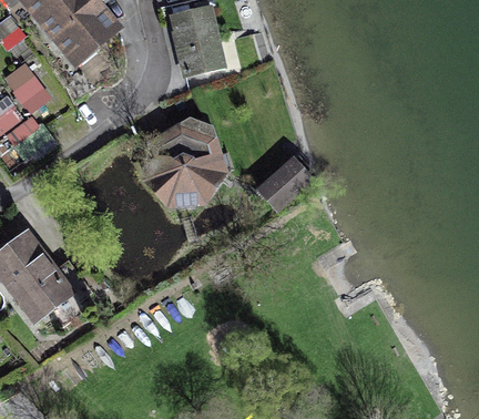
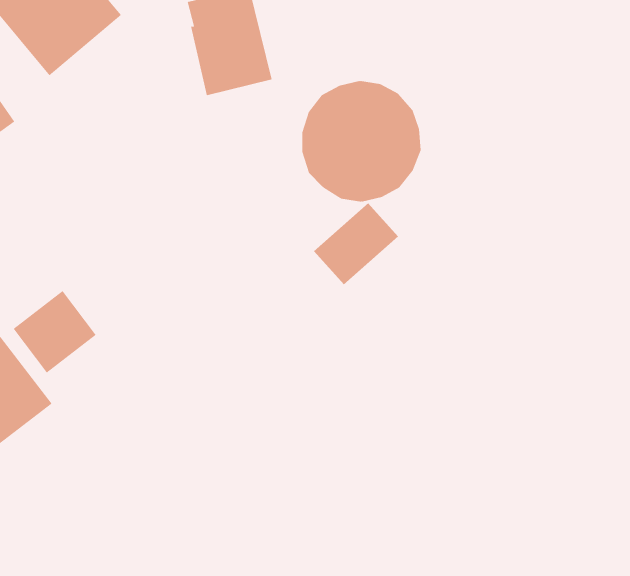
building: [145,123,227,206] -> [302,81,421,202]
building: none -> [13,290,97,373]

